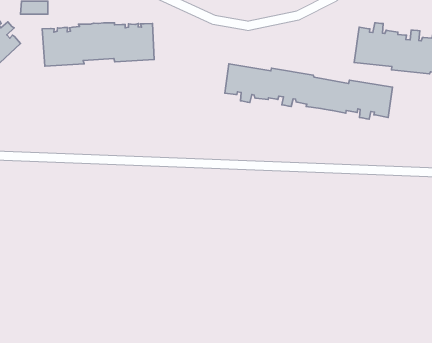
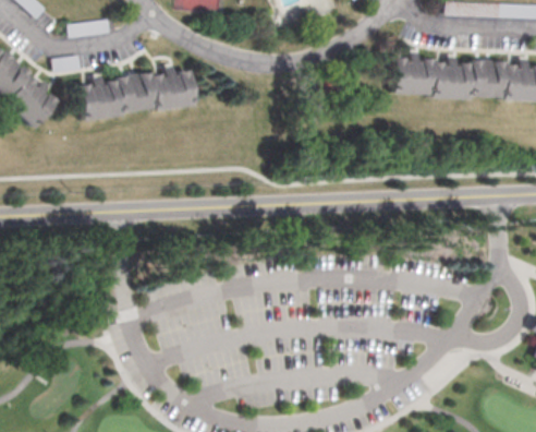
building: [225,64,393,119] -> none

